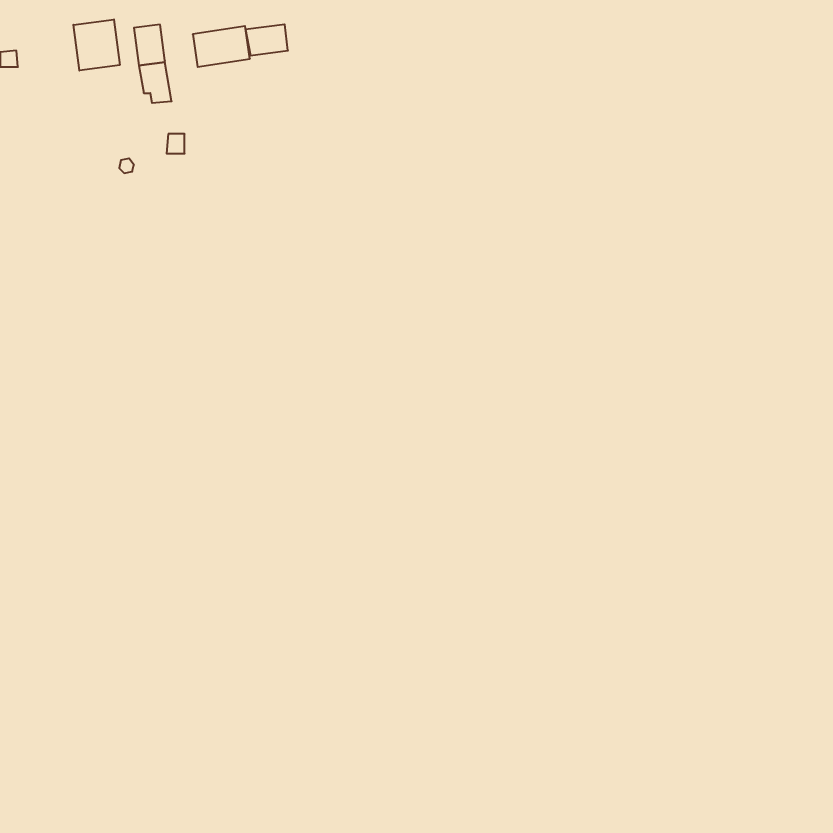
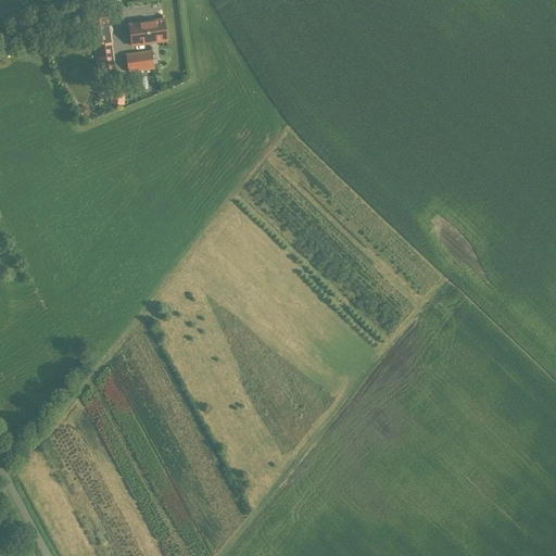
building: [73,19,120,71] -> none
building: [245,24,288,55] -> [126,50,154,71]

